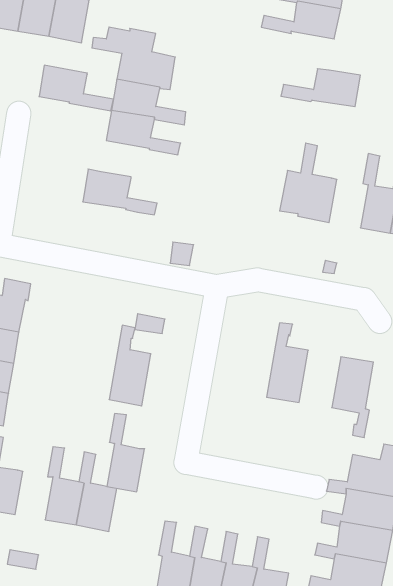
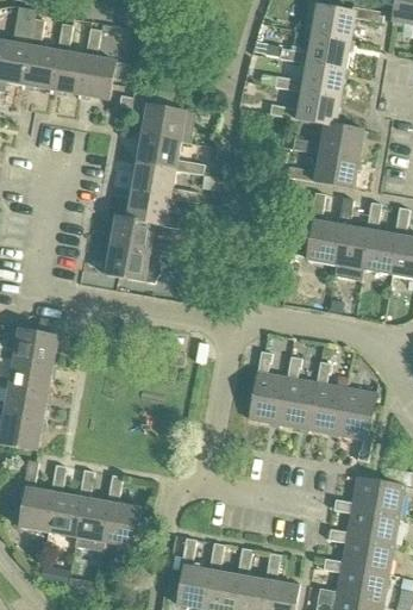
building: none -> [268,89,339,125]
building: [39,65,113,111] -> [126,189,194,231]
building: none -> [286,152,358,188]
building: none -> [332,197,370,281]
building: none -> [104,245,159,282]
building: [109,325,151,406] -> [248,350,286,424]
building: none -> [307,361,345,434]
building: [107,414,145,492] -> [48,465,82,536]

